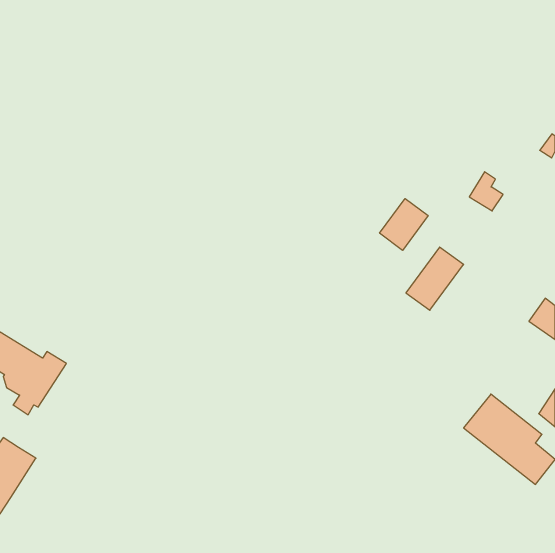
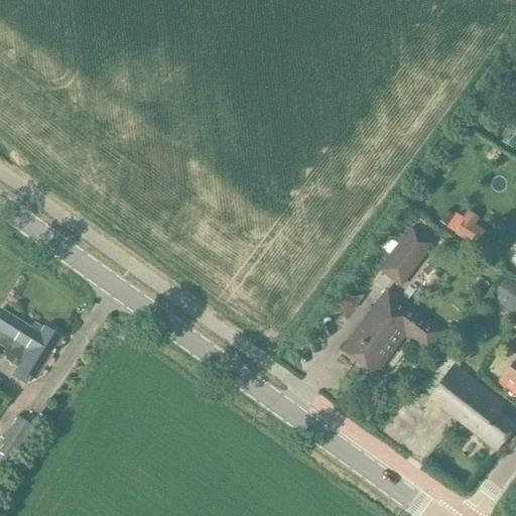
building: [469,172,503,211] -> [454,209,485,245]
building: [380,199,428,250] -> none
building: none -> [342,289,440,370]

